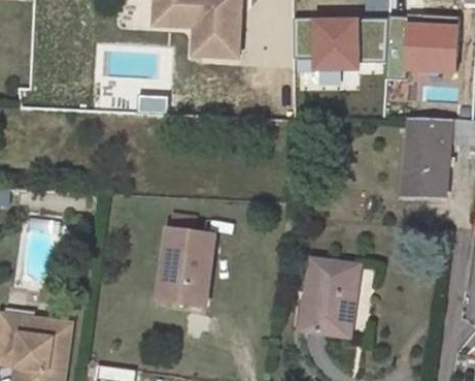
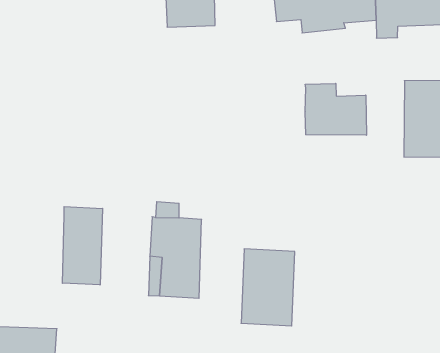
building: none -> [305,83,366,135]
building: none -> [62,207,103,285]
building: [302,259,357,334] -> [241,249,295,326]

